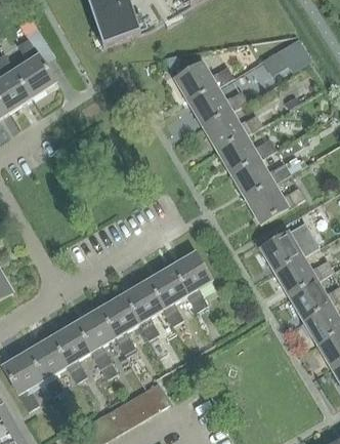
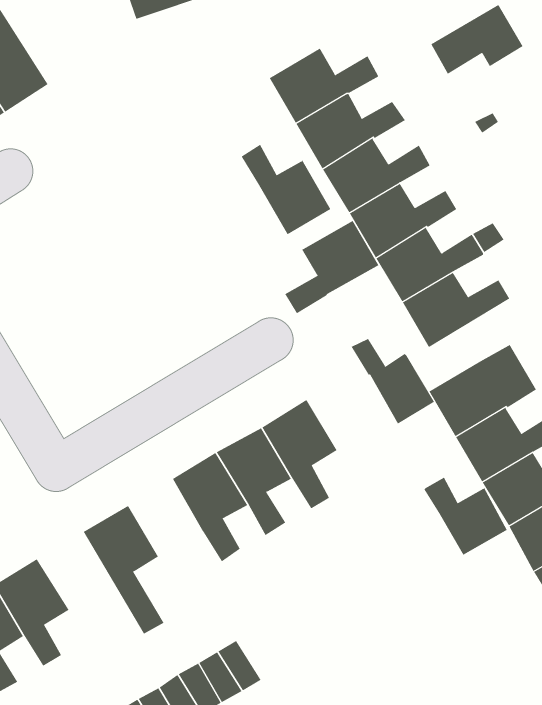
building: none -> [241,144,331,235]
building: none -> [285,220,379,314]
building: none -> [351,338,435,424]
building: none -> [424,477,508,555]
building: [98,295,138,355] -> none
building: [49,324,90,382] -> none

